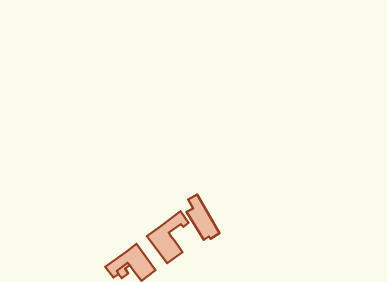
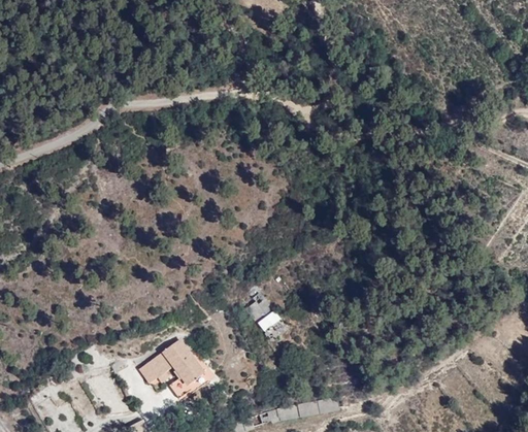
building: [147,211,189,263] -> none

